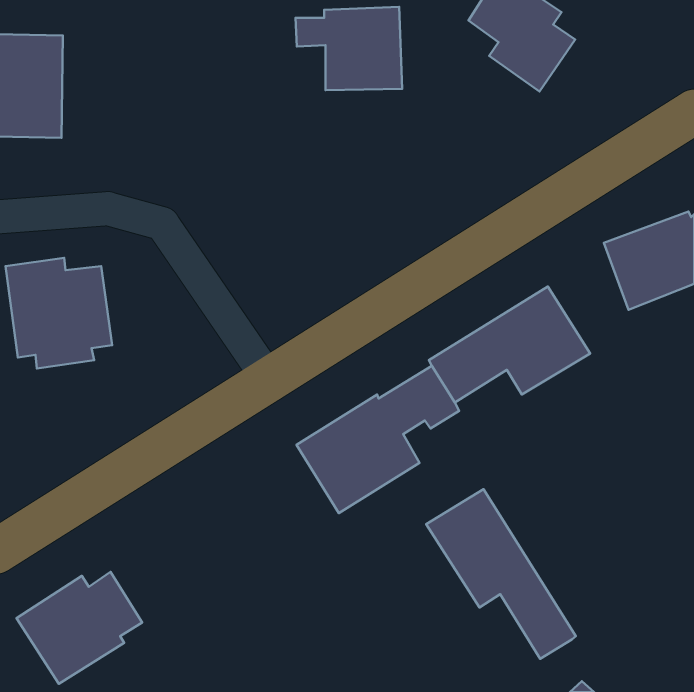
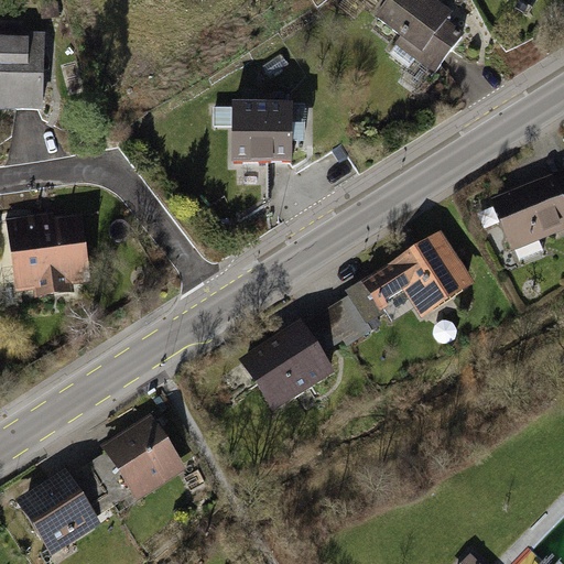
building: [295,7,402,90] -> [210,99,296,166]
building: [426,489,576,659] -> none
building: none -> [89,411,186,502]

